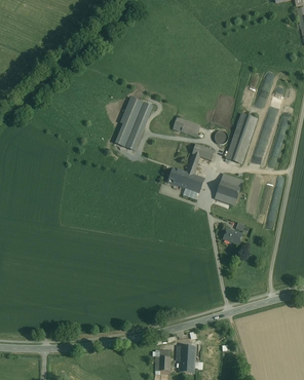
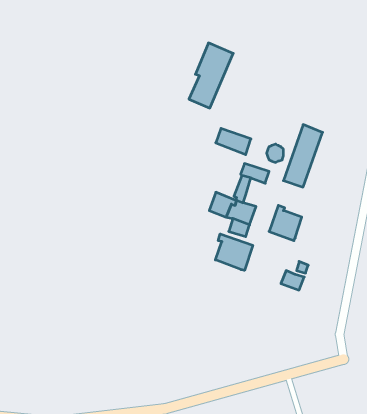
building: [116,98,151,149] -> [189,43,233,108]
building: none -> [215,234,253,270]

